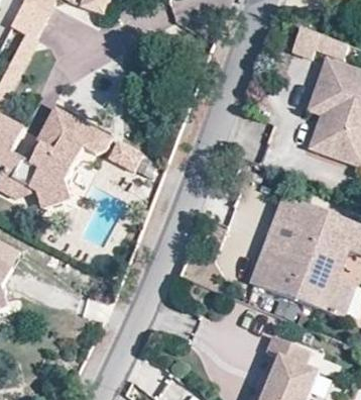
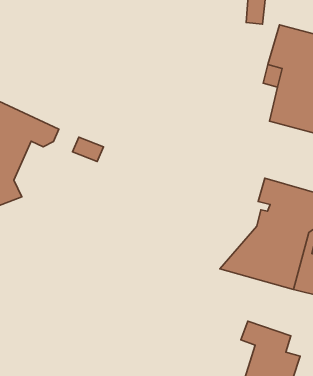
building: [250,195,303,283] -> none

